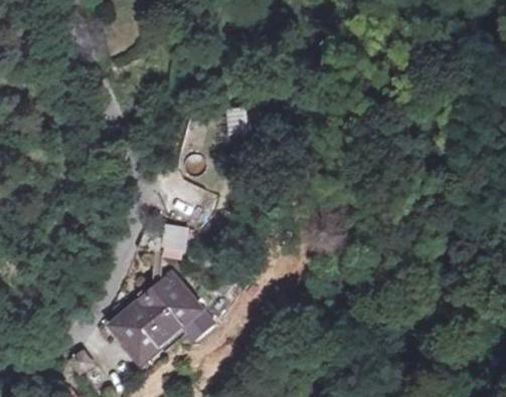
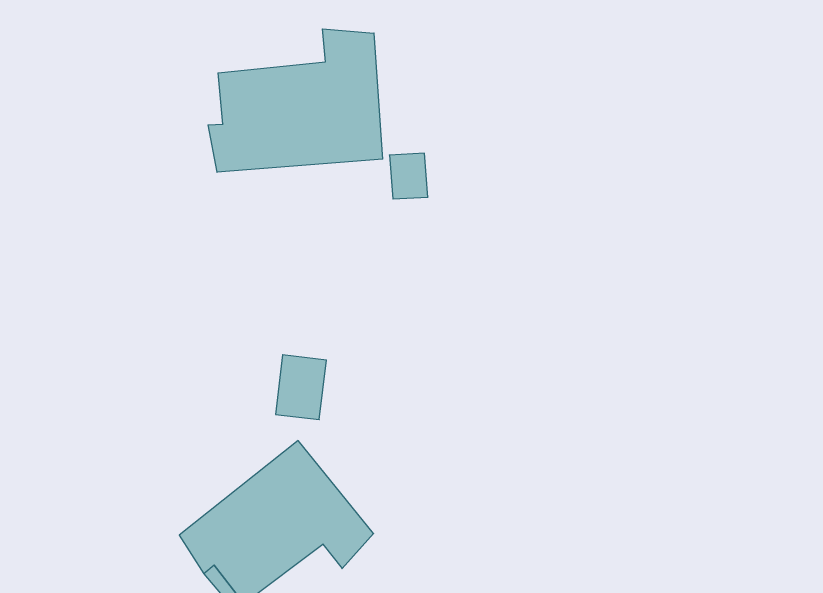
building: none -> [208,29,383,172]

